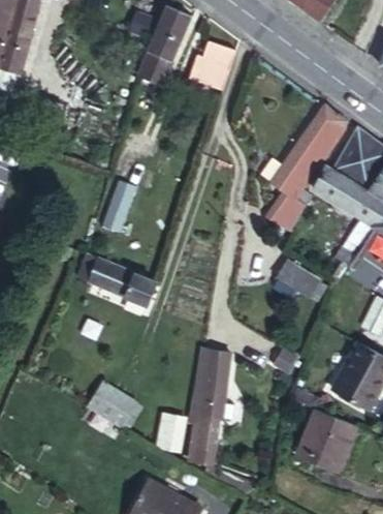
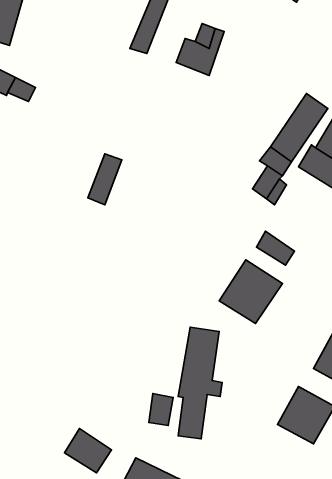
building: [83,251,162,303] -> none
building: none -> [219,260,282,324]
building: [86,380,134,425] -> [64,429,112,473]

